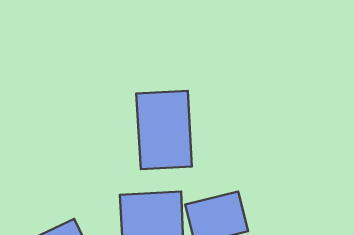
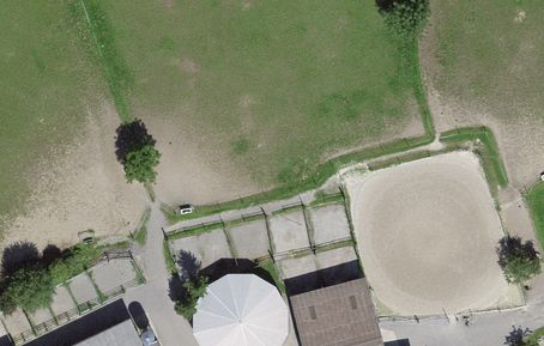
building: [136,91,192,169] -> none

